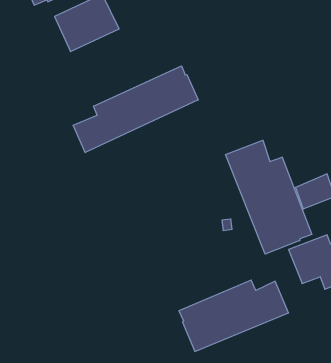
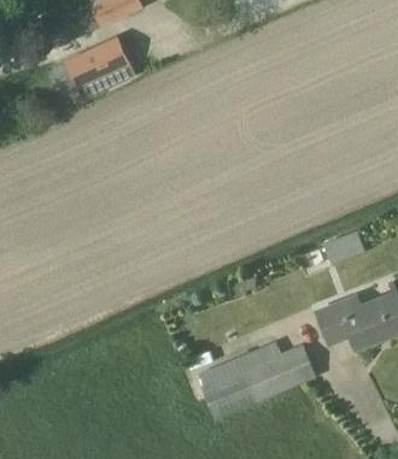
building: [73,66,198,153] -> none
building: [226,140,312,254] -> none

